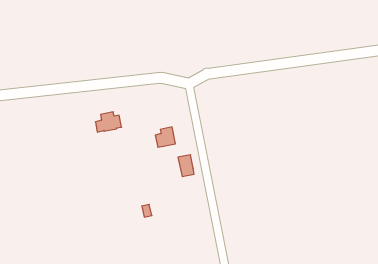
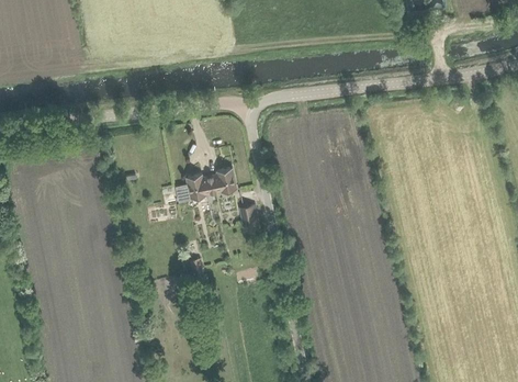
building: [95,112,122,132] -> [178,175,212,201]

